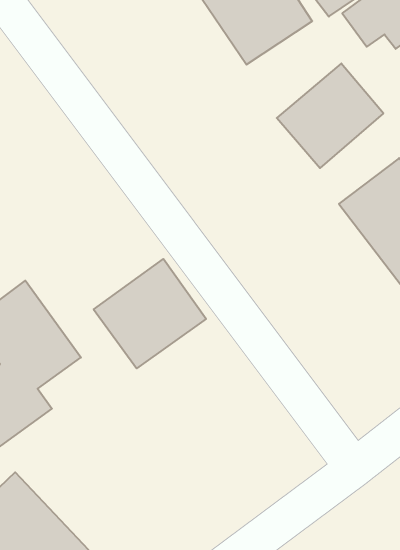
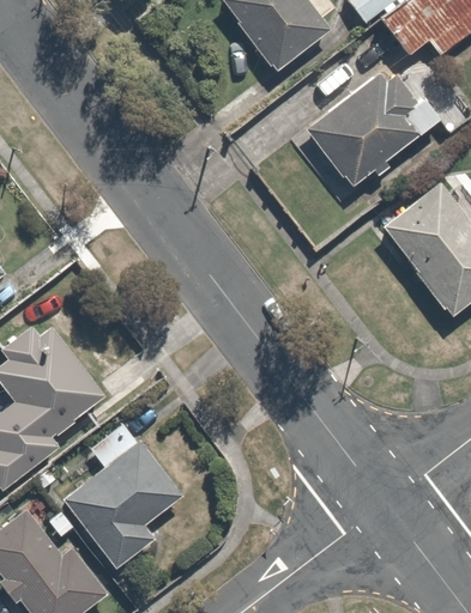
building: [94,259,206,368] -> none
building: none -> [48,415,185,568]

